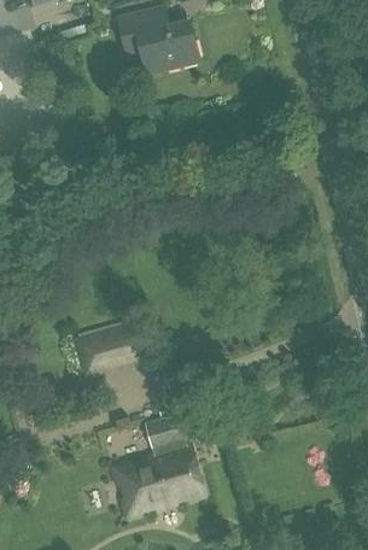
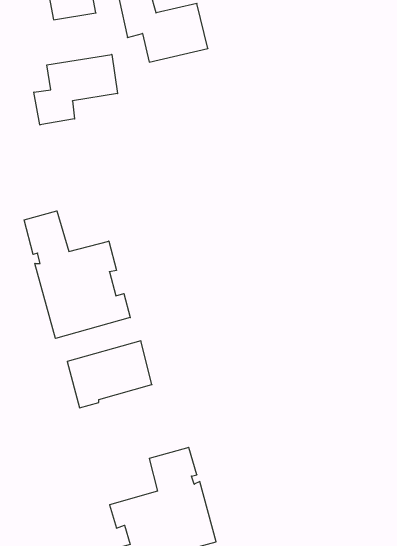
building: none -> [34,54,118,125]
building: none -> [24,211,130,338]

